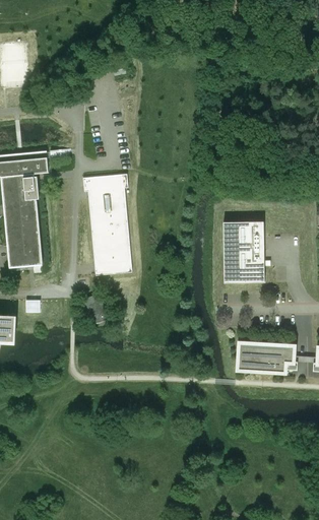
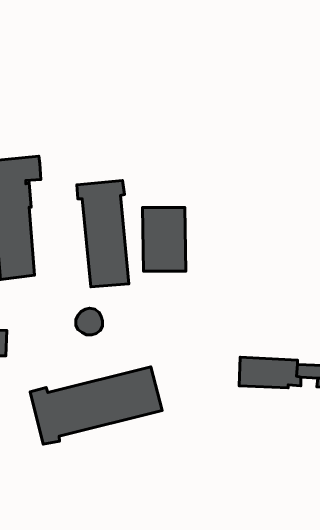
building: [222,221,264,282] -> [142,208,186,271]
building: none -> [30,367,162,444]

